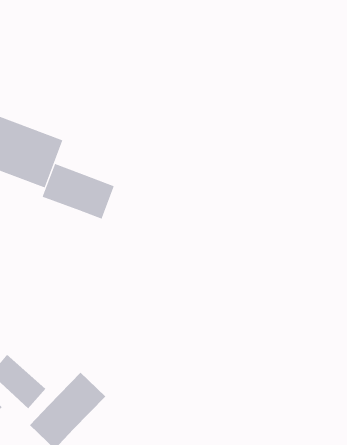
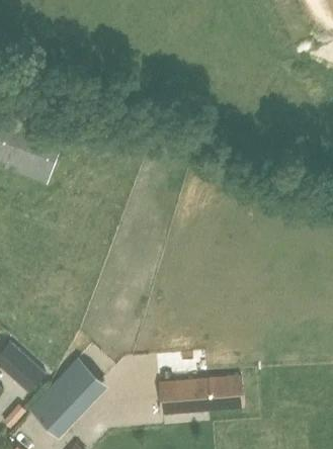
building: [42,163,115,220] -> none
building: none -> [161,375,244,414]

